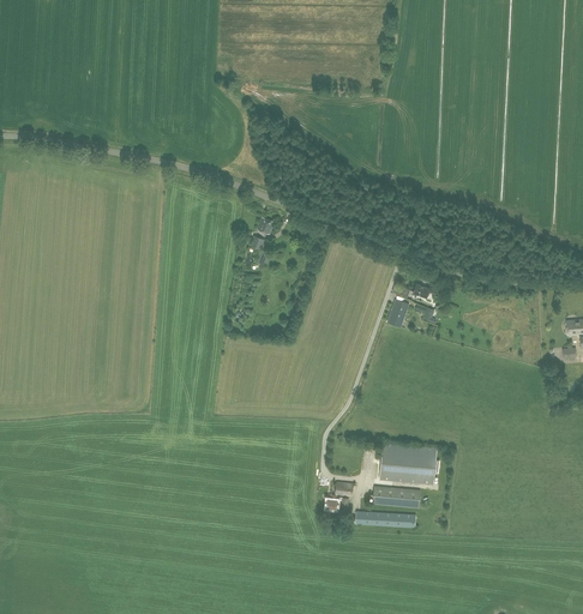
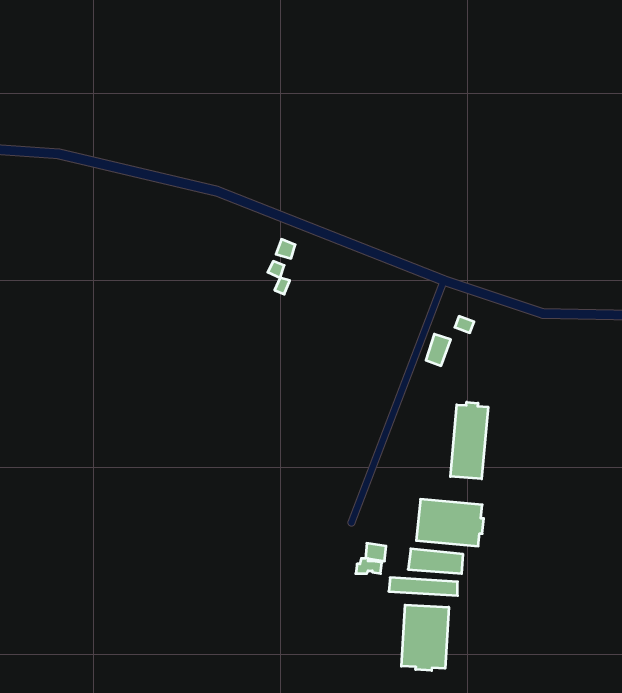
building: none -> [450,402,488,479]
building: none -> [401,605,449,671]

